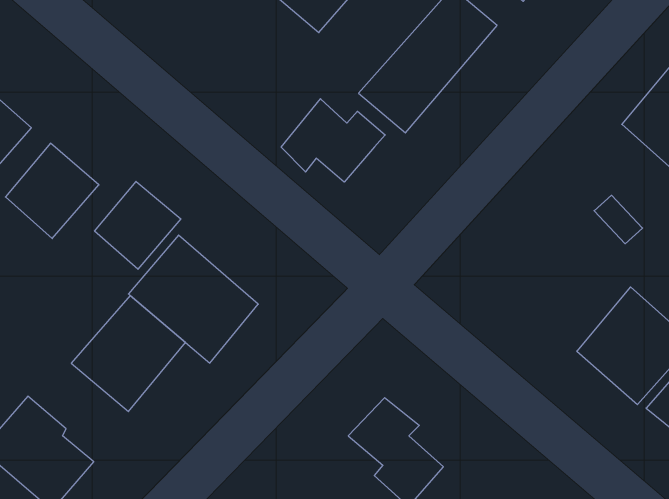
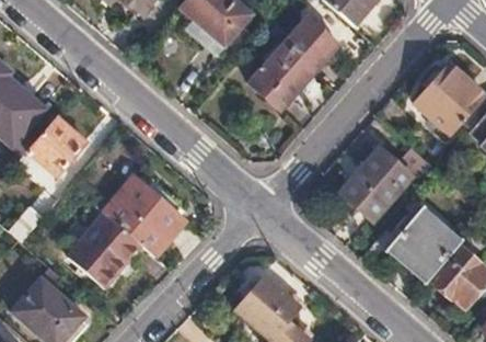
building: [281,99,385,182] -> none
building: [95,181,181,269] -> none
building: none -> [340,148,409,219]

